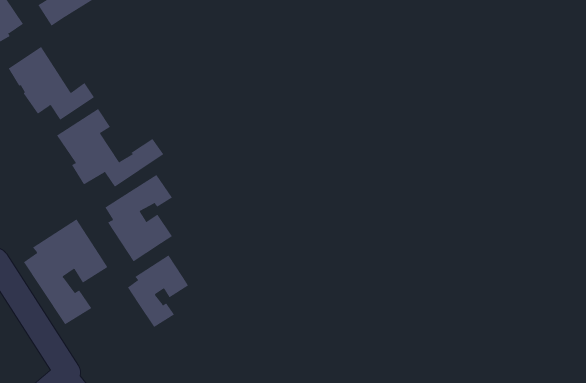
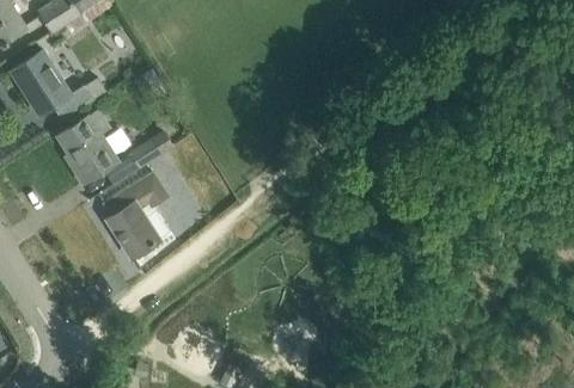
building: [23,218,108,325] -> none
building: [127,254,189,328] -> none

